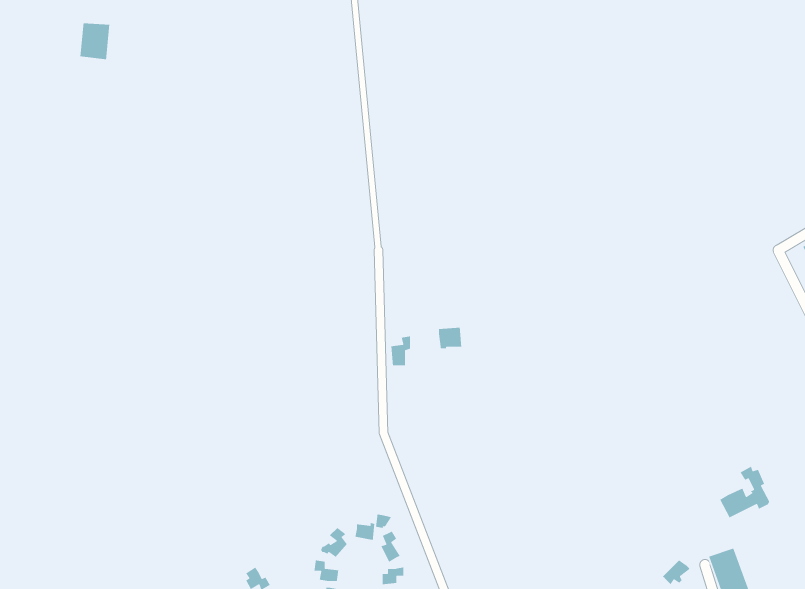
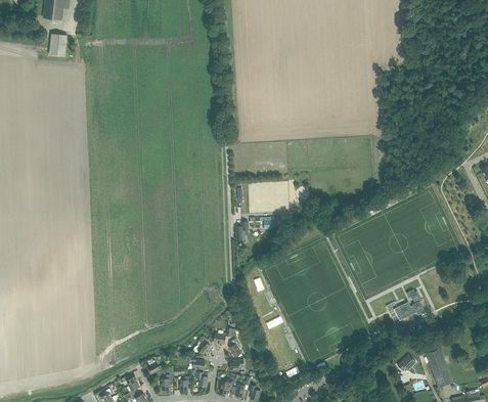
building: [719,465,770,518] -> [394,288,425,320]

